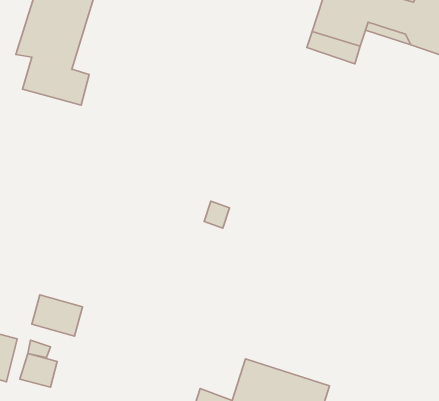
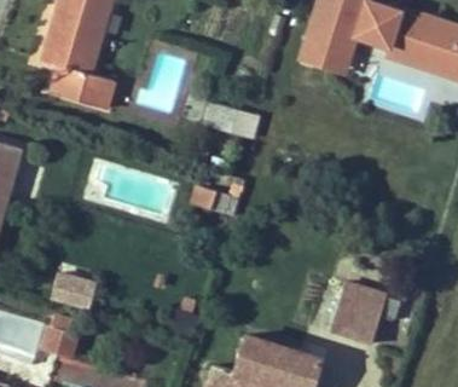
building: none -> [201,102,257,140]
building: none -> [332,284,390,342]

